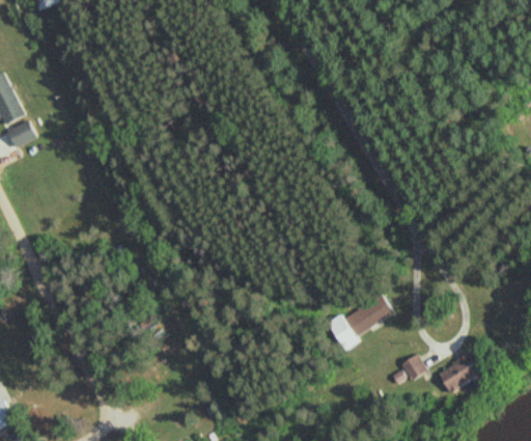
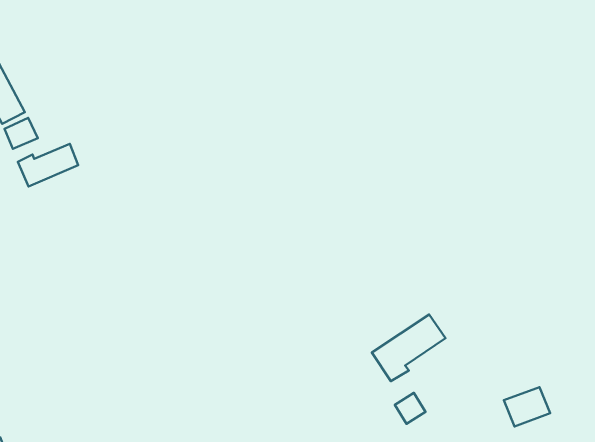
building: none -> [18,144,78,186]
building: [400,354,427,381] -> [395,393,426,424]

